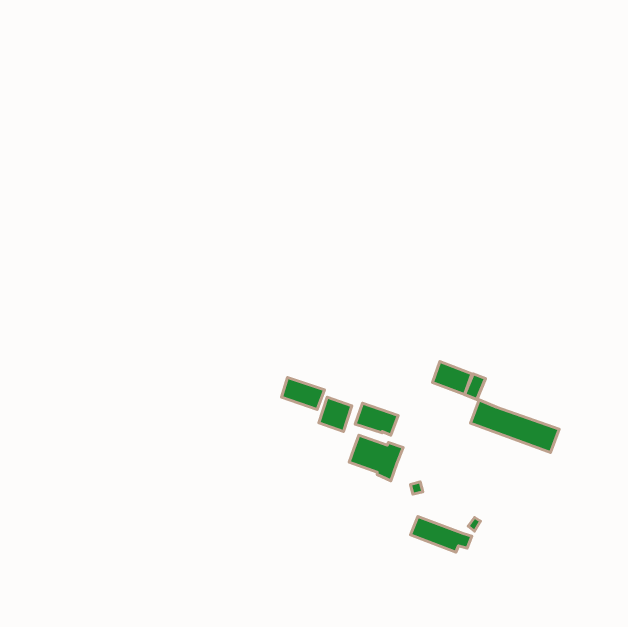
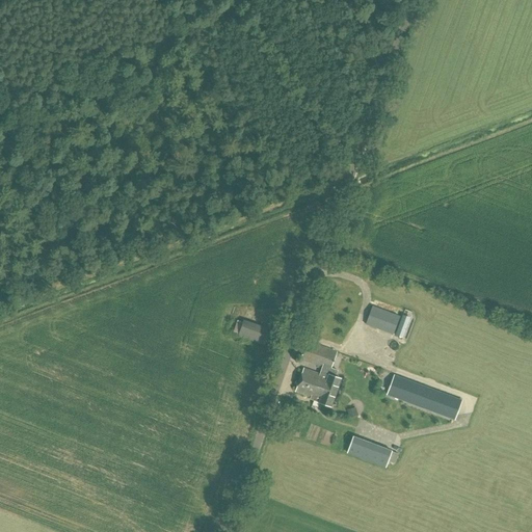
building: [319,397,352,431] -> none
building: [471,400,559,453] -> [387,374,461,419]

